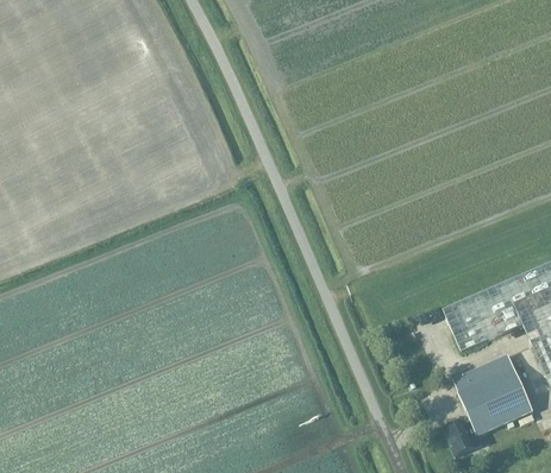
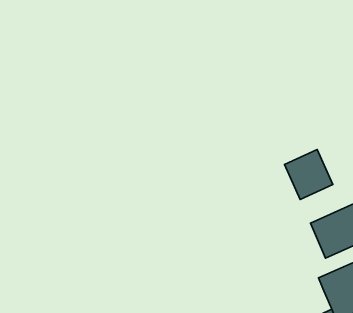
building: none -> [285,150,333,200]

